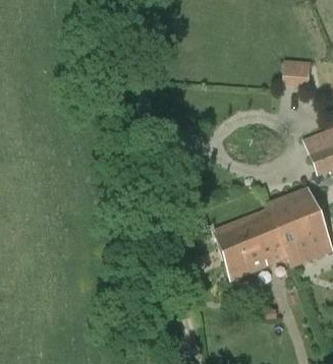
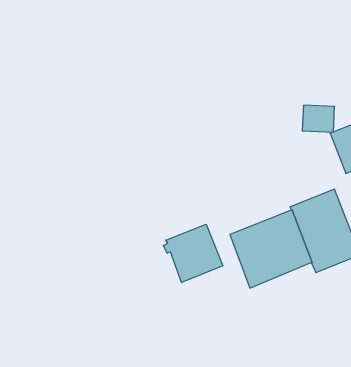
building: [282,58,312,82] -> [302,105,335,132]
building: none -> [163,224,223,283]

